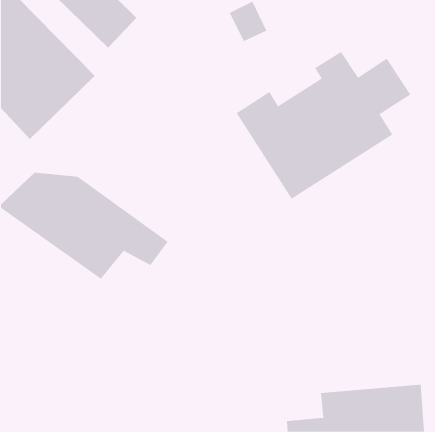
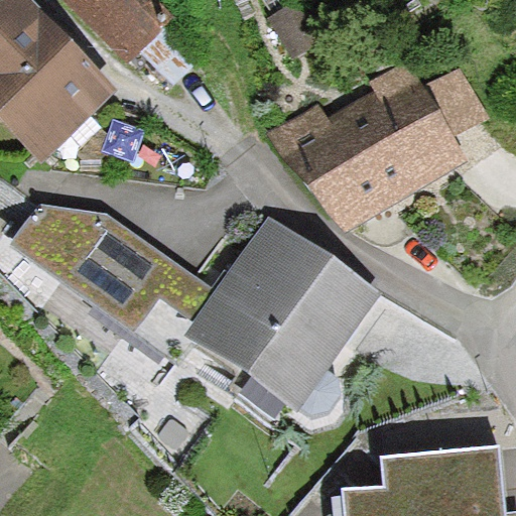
building: none -> [186,218,379,411]

